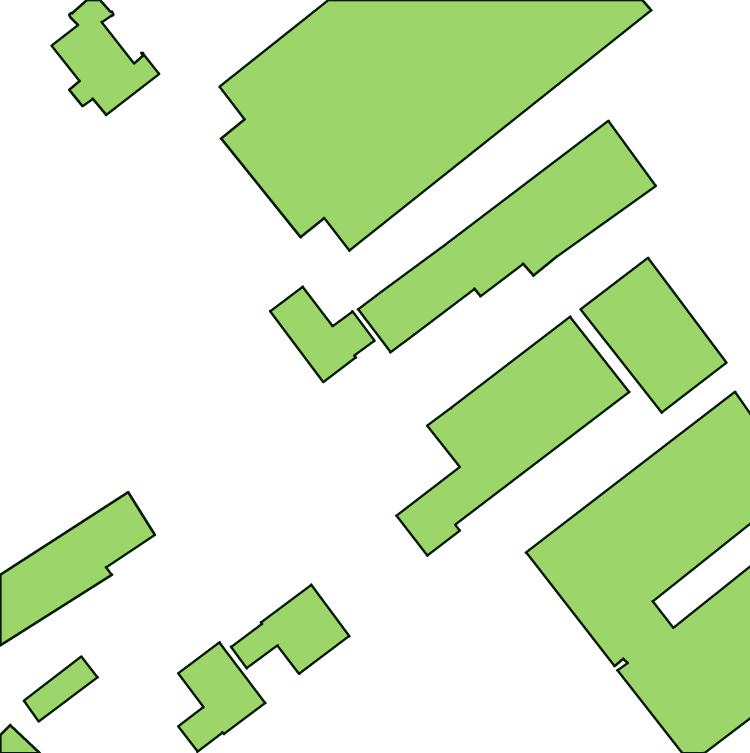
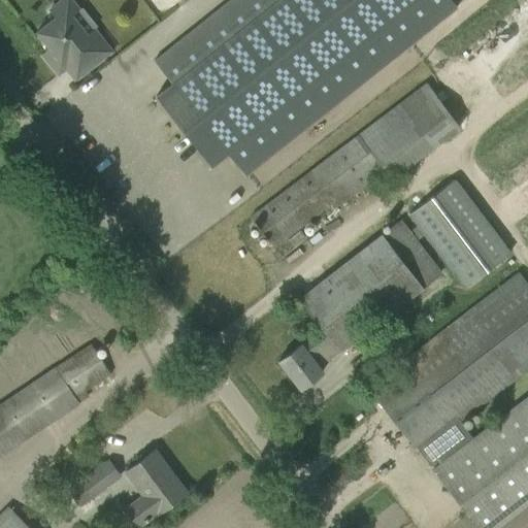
building: [270,287,374,382] -> none
building: [231,585,349,674] -> none
building: [24,657,98,721] -> [70,461,122,506]

